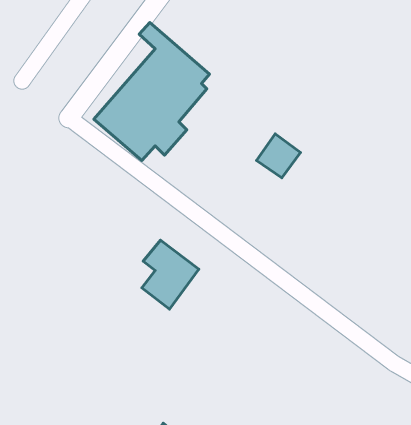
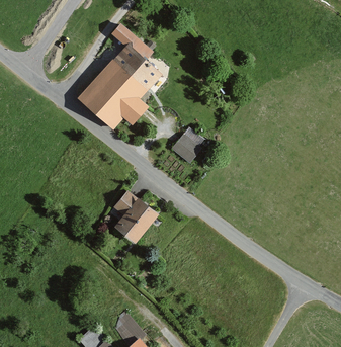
building: [257,134,300,178] -> [171,129,204,163]

